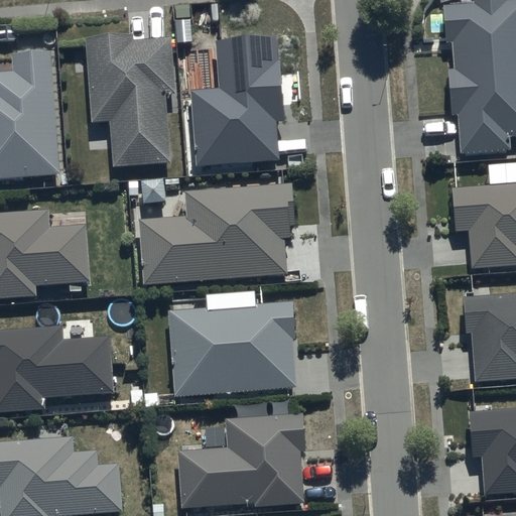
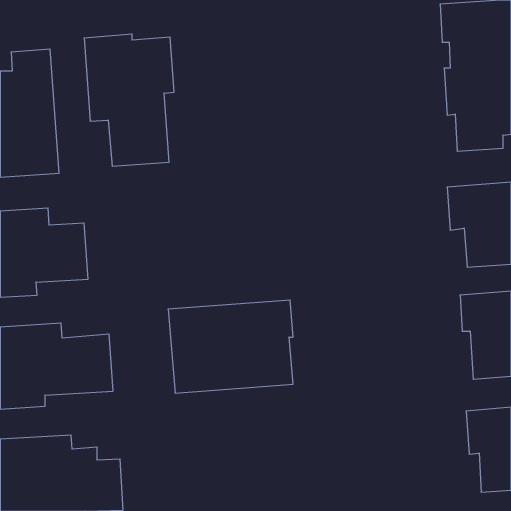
building: [189,36,283,166] -> none
building: [139,182,294,283] -> none
building: [176,413,306,509] -> none

